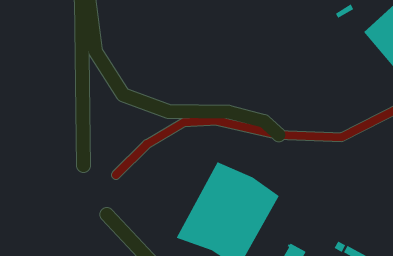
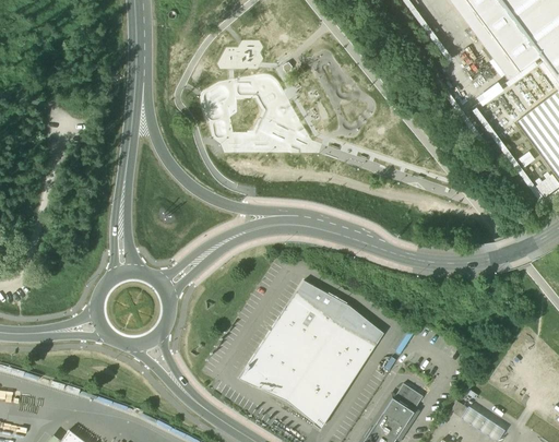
building: none -> [394,383,424,411]

